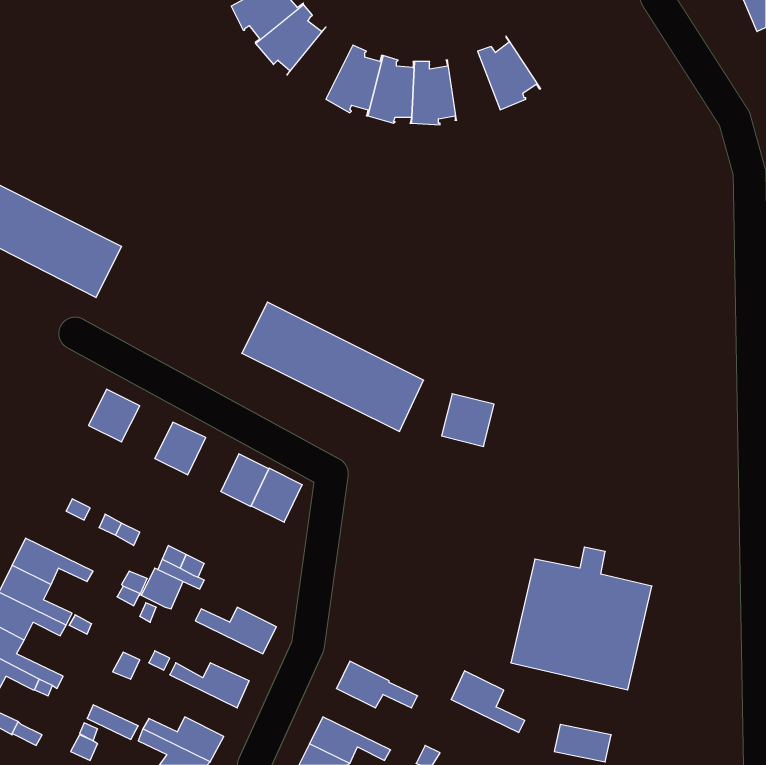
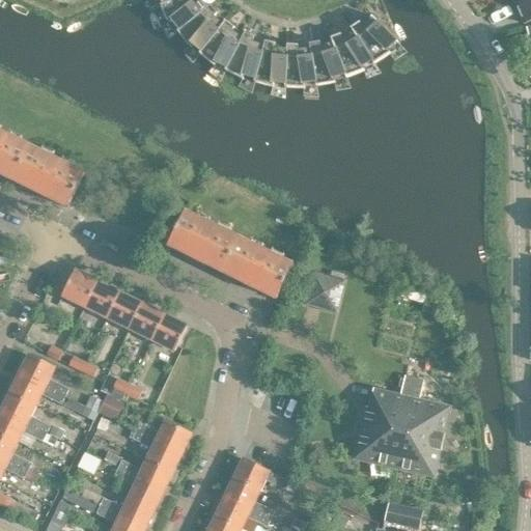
building: none -> [350,13,396,61]
building: none -> [198,19,244,68]
building: none -> [309,35,345,83]
building: none -> [84,280,119,316]
building: [251,468,302,522] -> [130,302,165,339]
building: none -> [18,353,68,394]
building: none -> [132,428,181,470]
building: [451,671,525,732] -> [223,475,274,518]
building: none -> [113,466,164,508]

